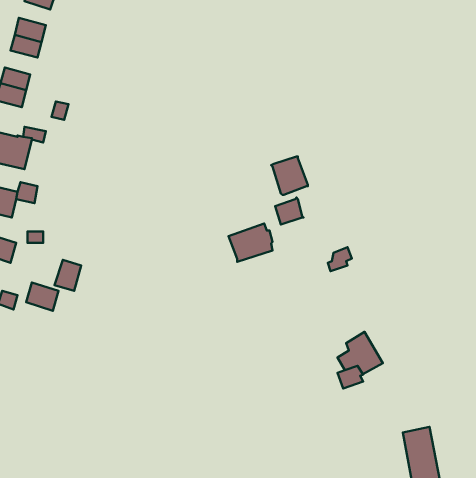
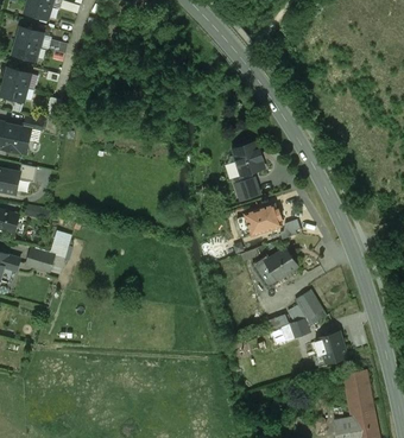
building: [229,224,272,262] -> [244,204,280,236]
building: none -> [251,248,297,280]
building: none -> [318,334,346,363]

